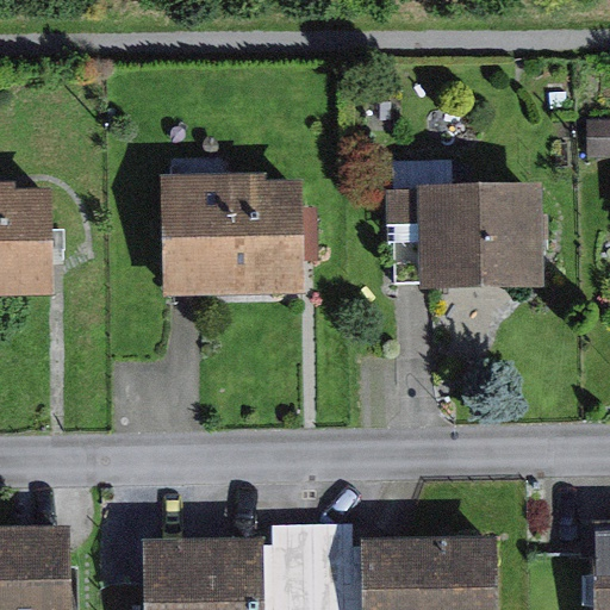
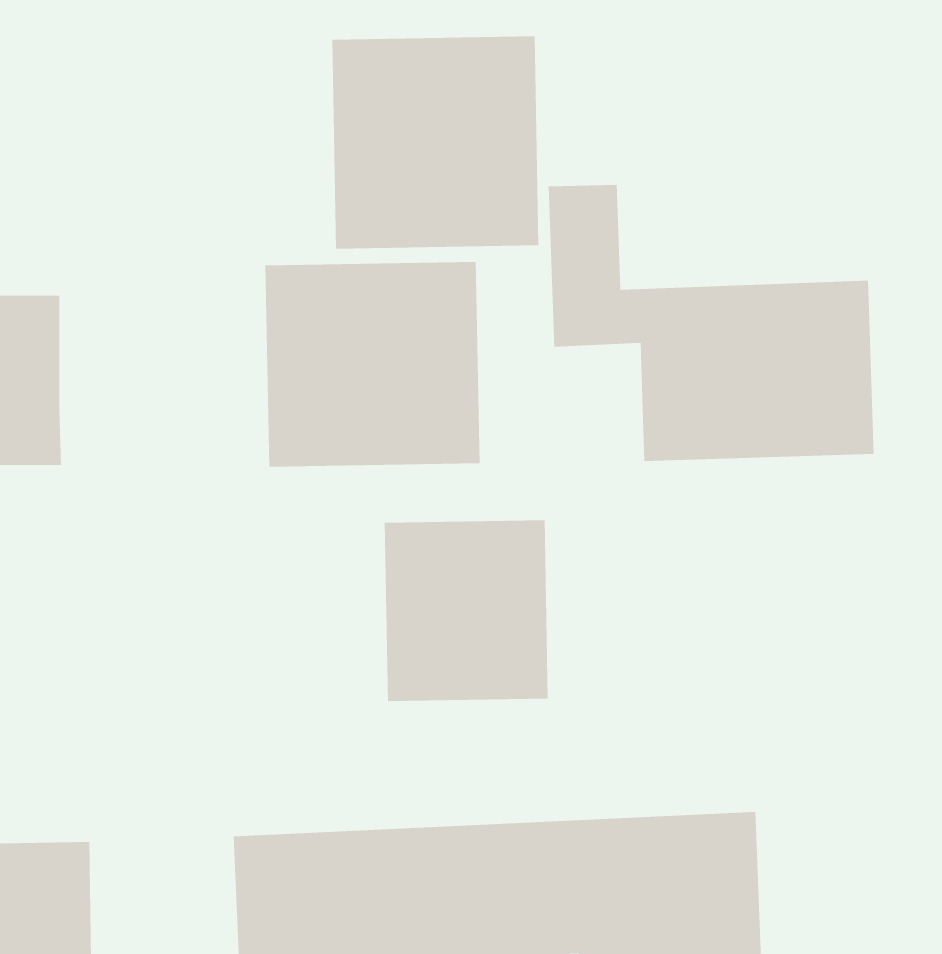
building: none -> [331,36,539,249]
building: none -> [384,519,549,702]

